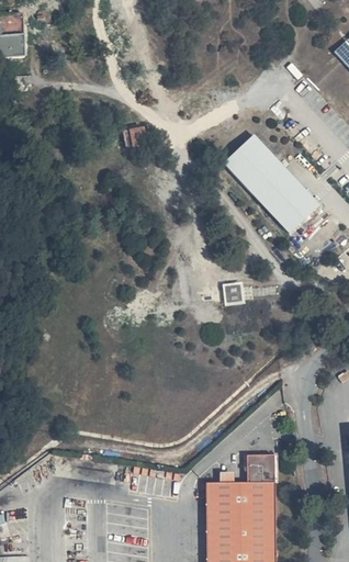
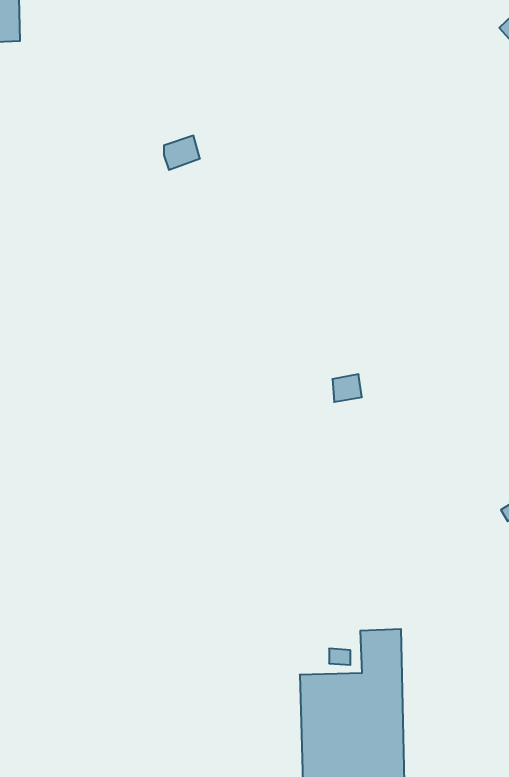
building: [226,134,324,235] -> none

